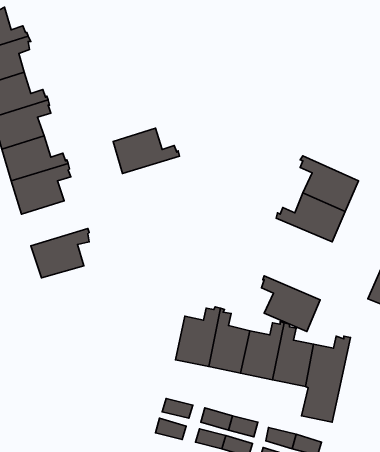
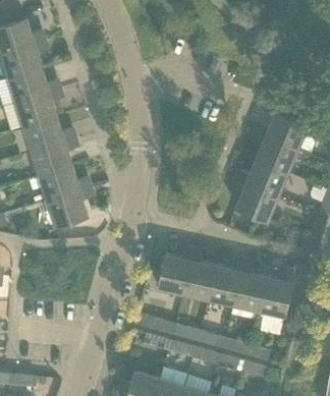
building: [113,128,179,173] -> [40,166,91,201]
building: none -> [256,112,310,151]
building: [262,276,320,332] -> [233,179,278,222]

